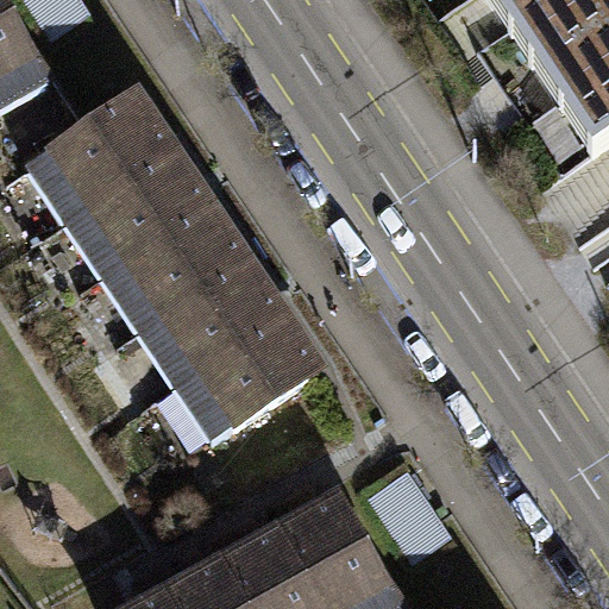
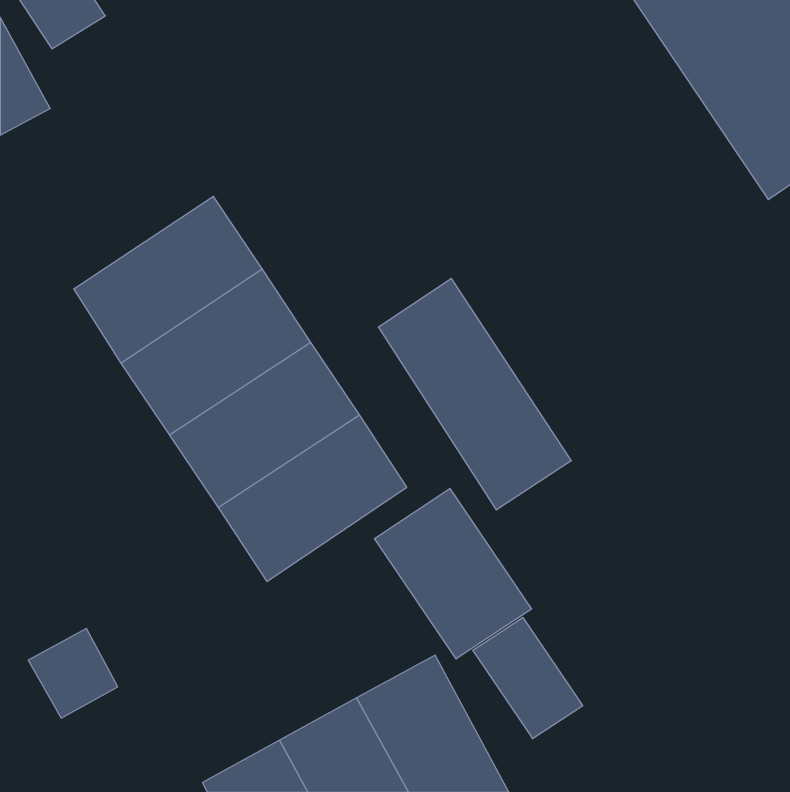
building: [29,94,171,219] -> none
building: none -> [379,278,571,510]
building: none -> [375,488,532,659]

